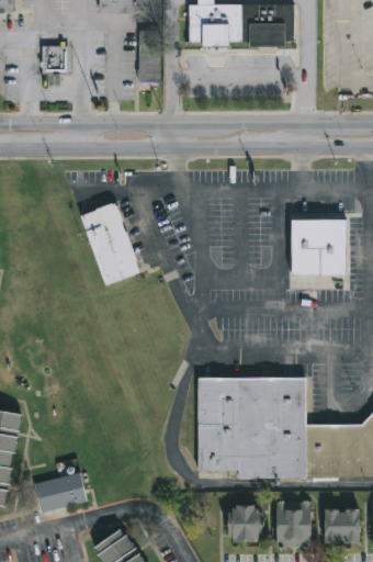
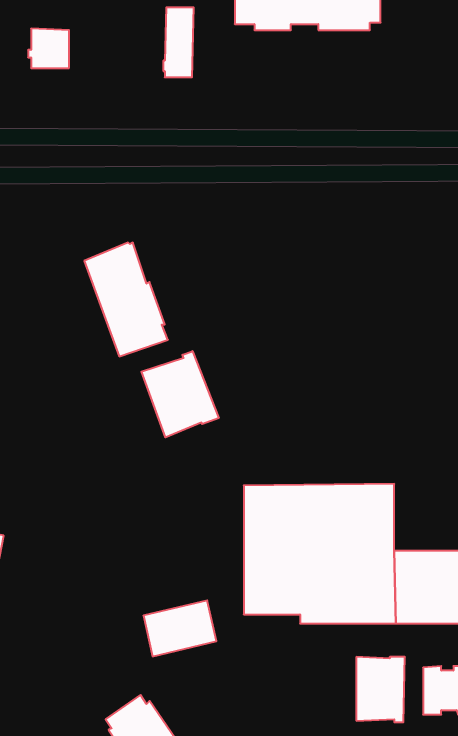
building: [291,218,344,272] -> none
building: none -> [141,351,219,437]
building: [34,473,87,514] -> [143,600,216,656]
building: [228,505,264,542] -> none

